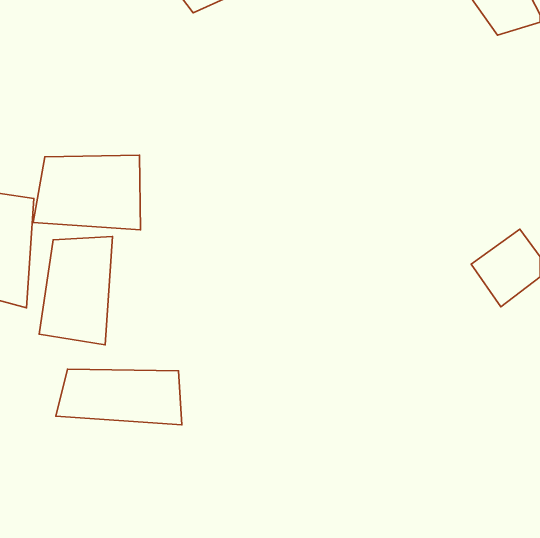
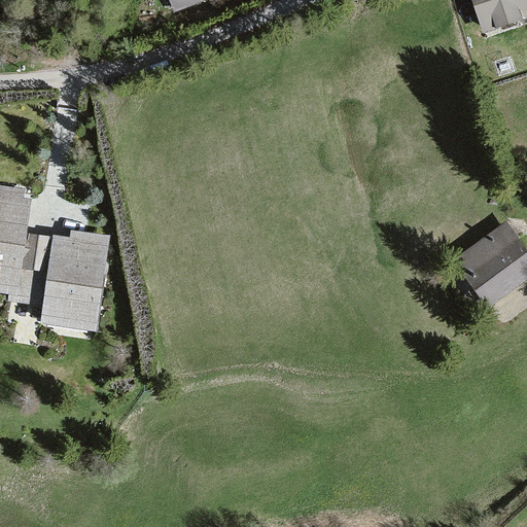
building: [33,155,140,230] -> none
building: [56,369,182,425] -> none

